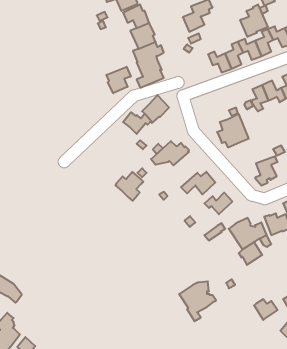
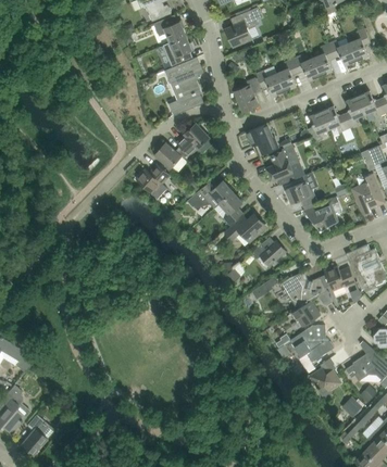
building: [240,4,268,37] -> none
building: none -> [235,78,260,111]
building: [106,67,131,93] -> none
building: none -> [246,124,277,154]
building: none -> [285,181,317,206]
building: none -> [214,191,242,225]
building: [115,172,143,201] -> [136,163,170,198]
building: [179,281,216,321] -> [289,325,334,373]

